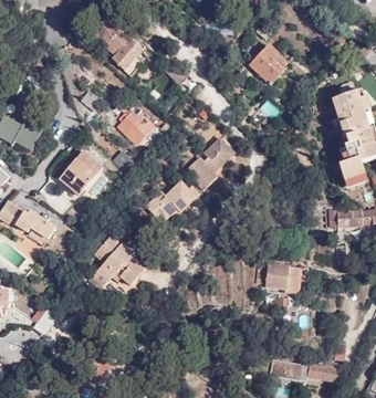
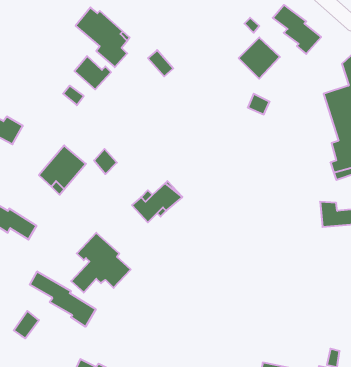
building: none -> [273,5,321,54]
building: [117,111,153,143] -> [74,56,111,89]
building: [186,137,234,189] -> none
building: [257,263,301,293] -> none
building: none -> [30,271,96,327]

